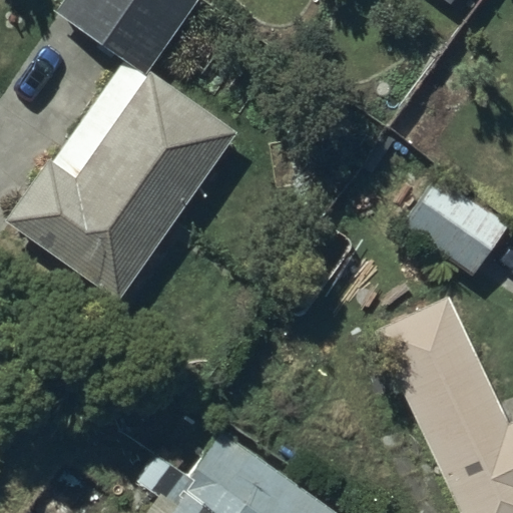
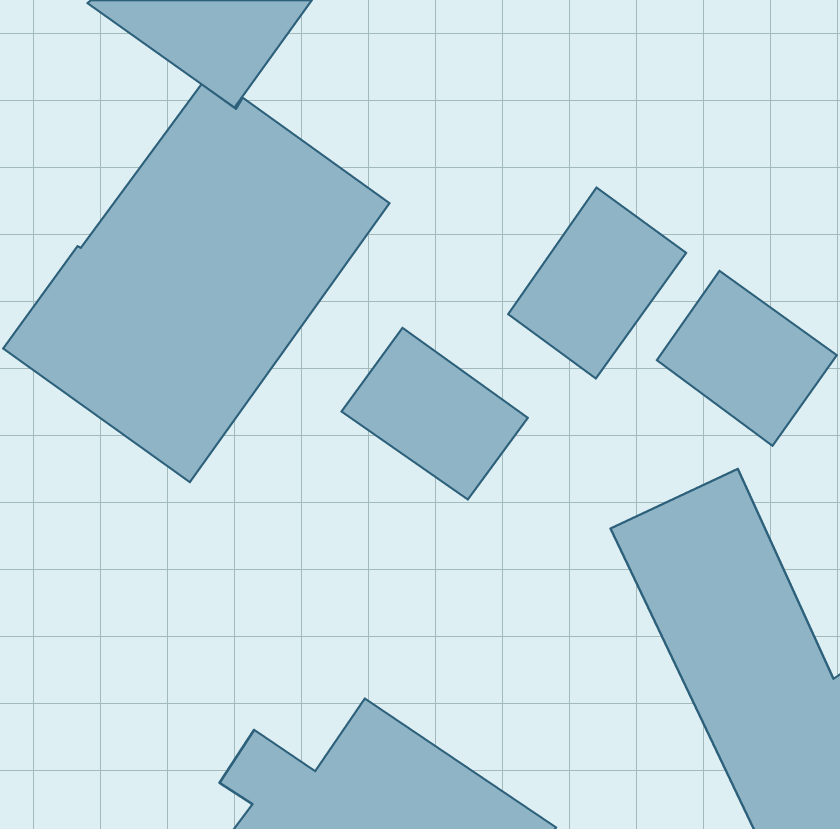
building: none -> [508,187,686,378]
building: none -> [341,328,528,500]

